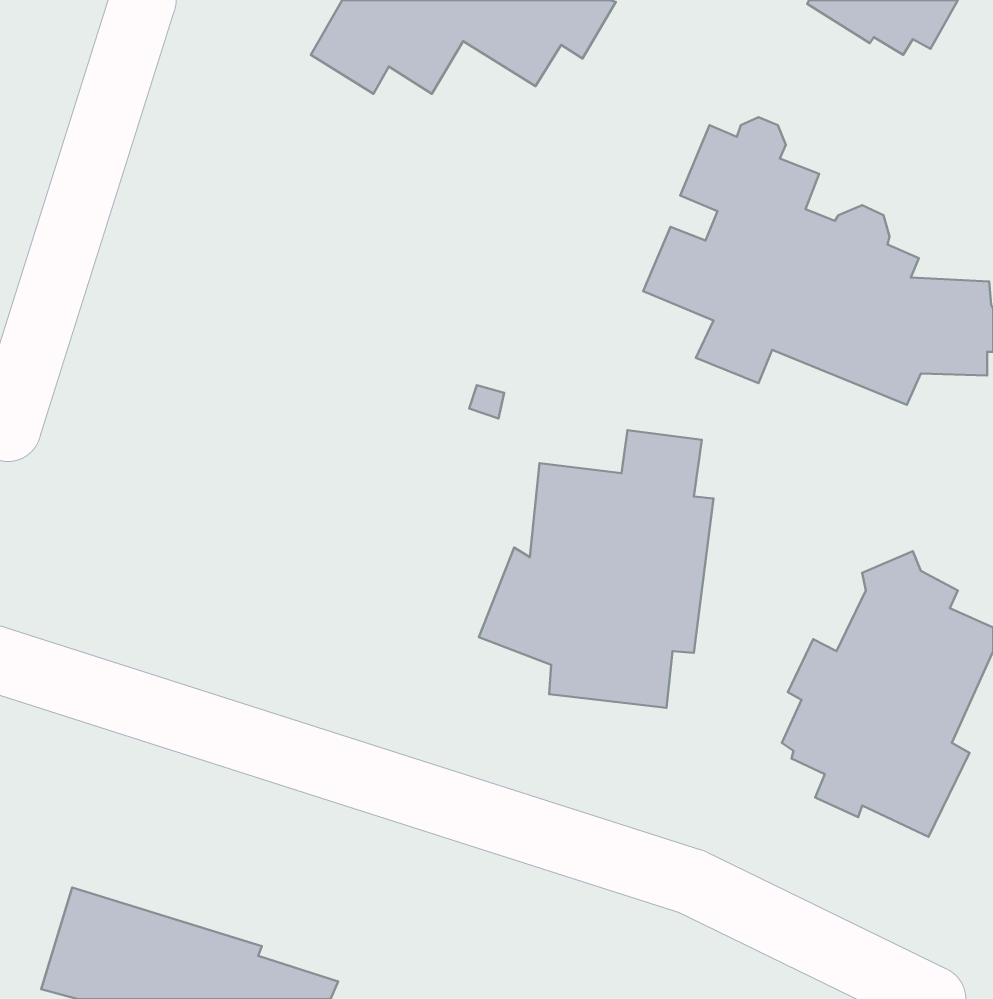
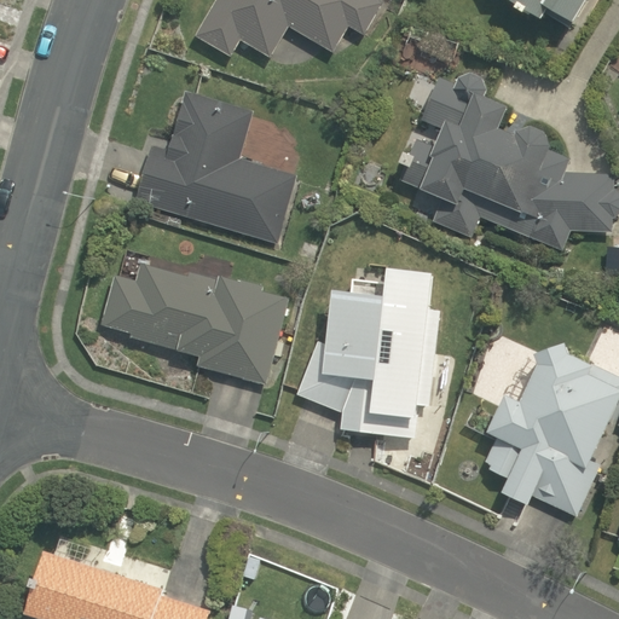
building: none -> [135,91,294,242]
building: none -> [100,261,290,383]

